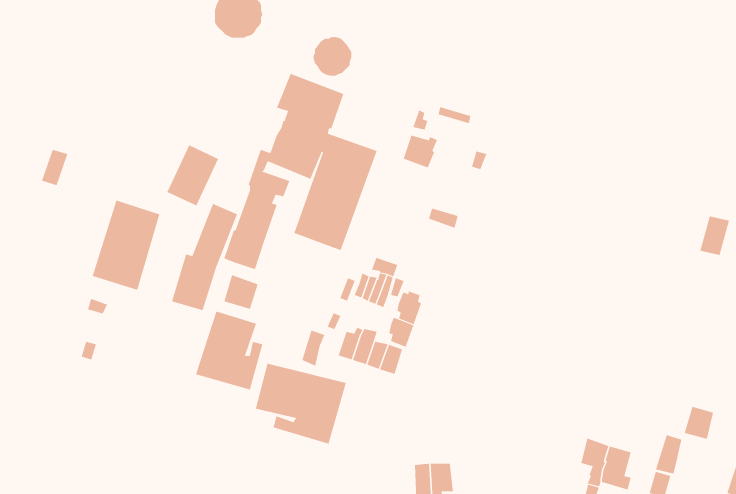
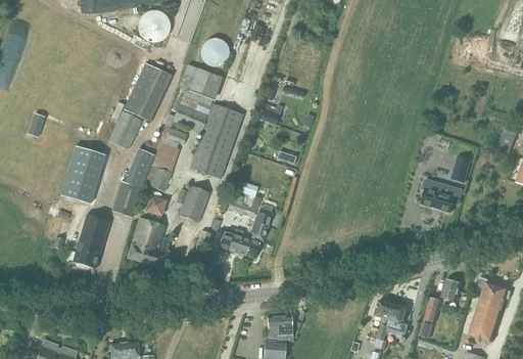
building: none -> [123,61,172,121]
building: none -> [422,179,462,212]
building: none -> [176,184,210,221]
building: none -> [73,213,109,267]
building: [255,363,346,444] -> none

